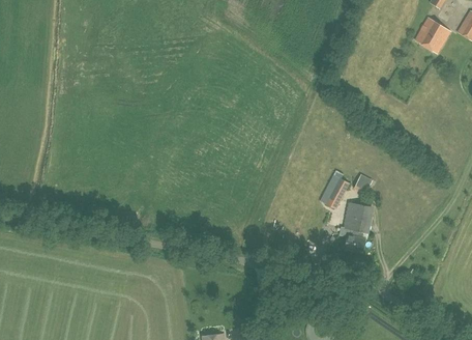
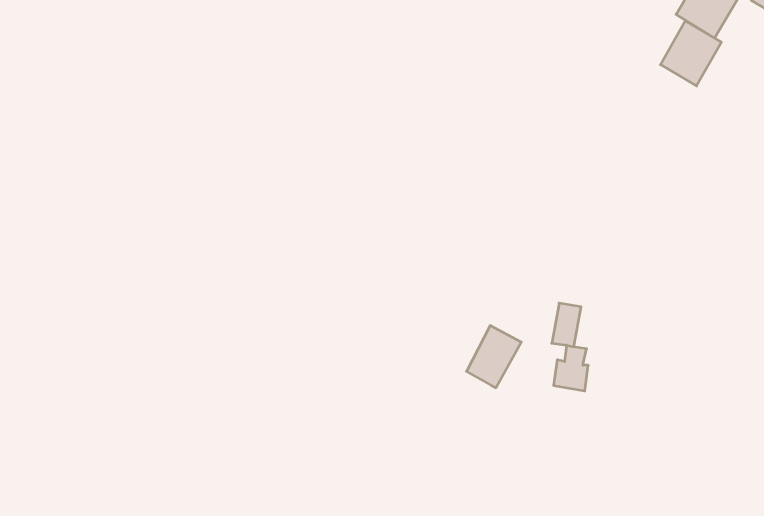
building: none -> [660,21,721,86]
building: [320,174,351,209] -> [466,326,521,388]

